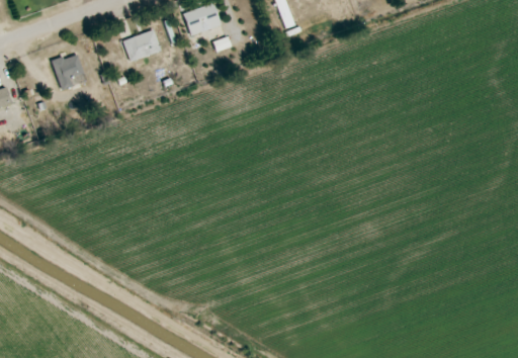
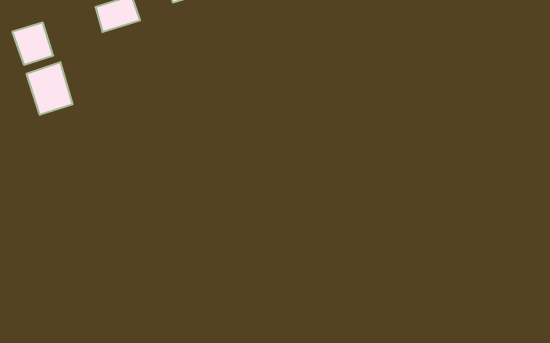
building: none -> [27,62,73,115]

